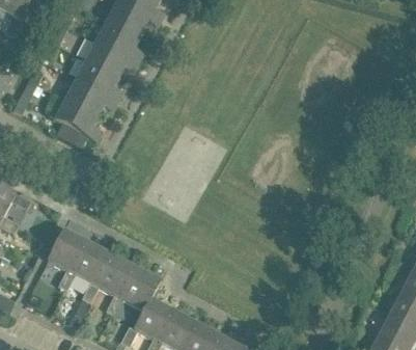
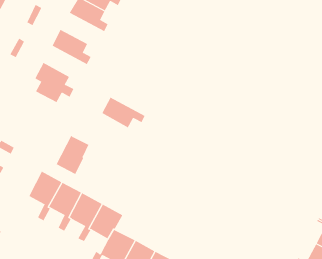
building: [85,36,138,74] -> none
building: [64,76,117,113] -> [101,97,145,128]
building: none -> [56,135,89,175]

